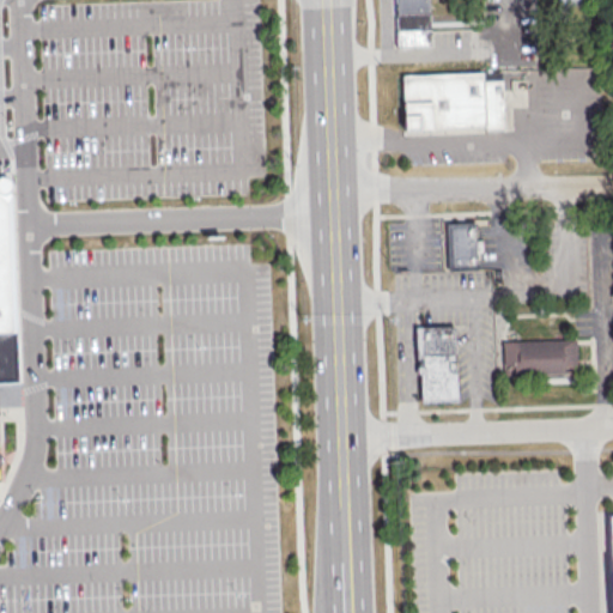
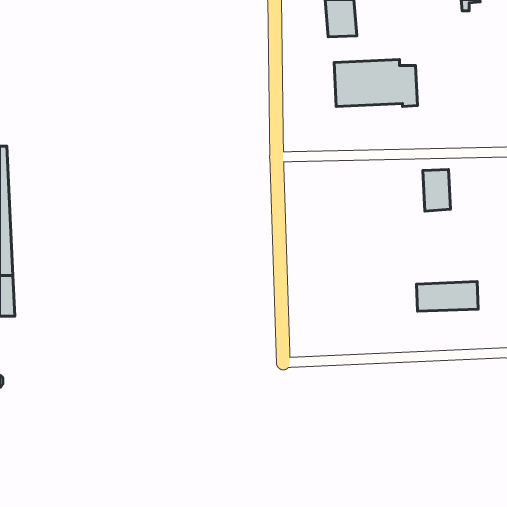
building: [443,220,477,271] -> [423,169,451,211]
building: [415,326,456,400] -> none

